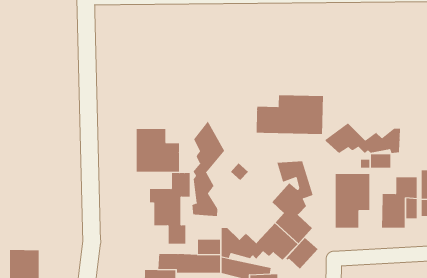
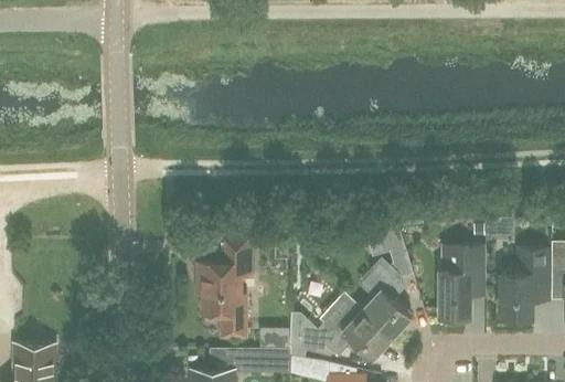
building: [256,94,323,135] -> none
building: [192,120,225,217] -> none
building: [324,122,400,154] -> none
building: [136,128,179,173] -> none
building: [286,237,318,269] -> [319,293,362,335]

